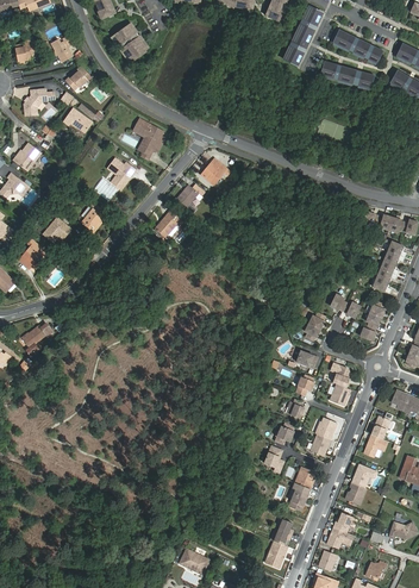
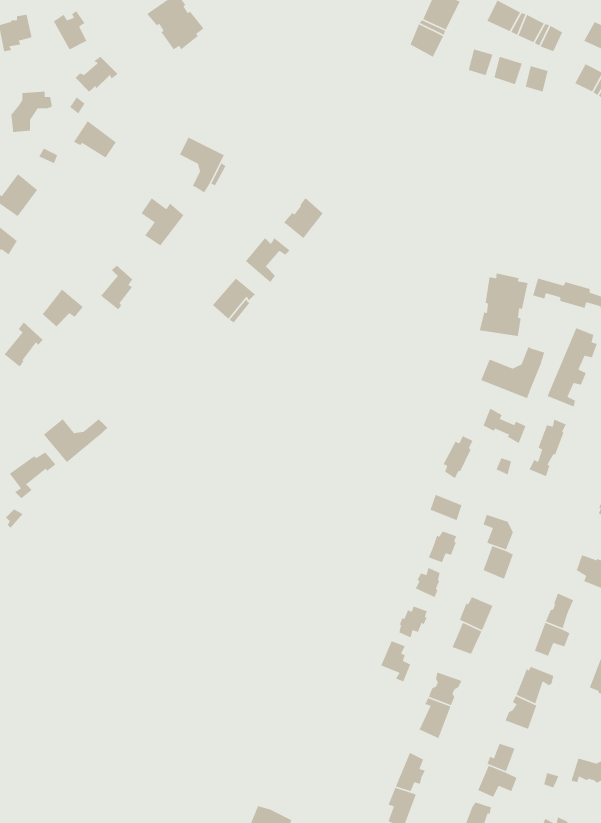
building: none -> [479,272,528,337]
building: none -> [480,346,545,399]
building: none -> [43,418,108,463]

